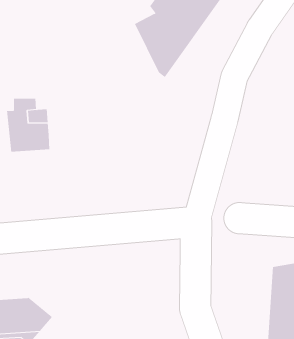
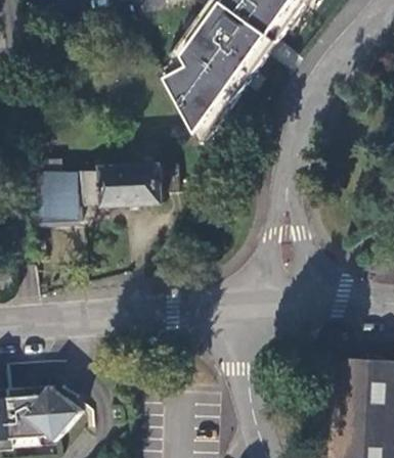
building: none -> [84,162,177,204]

